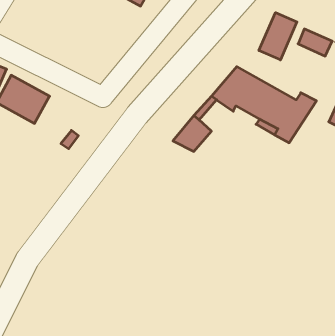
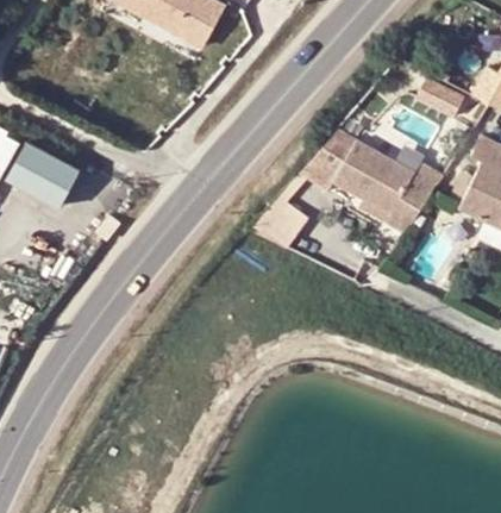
building: [259,13,297,60] -> none

